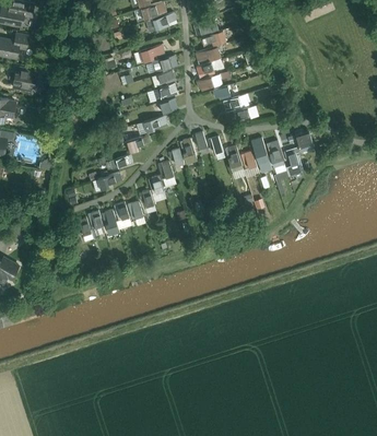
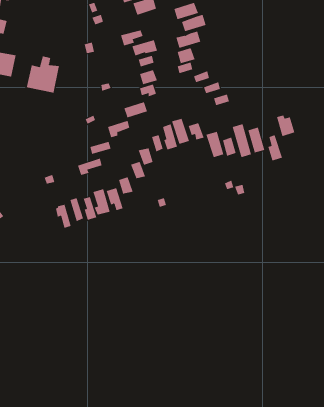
building: none -> [26,55,59,94]

